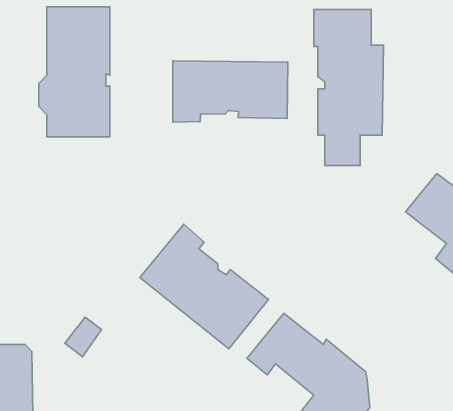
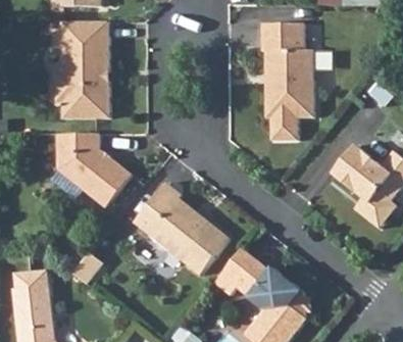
building: [173,61,288,122] -> none
building: none -> [58,133,132,206]

